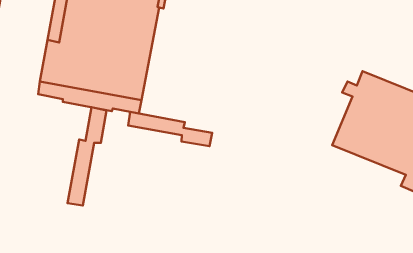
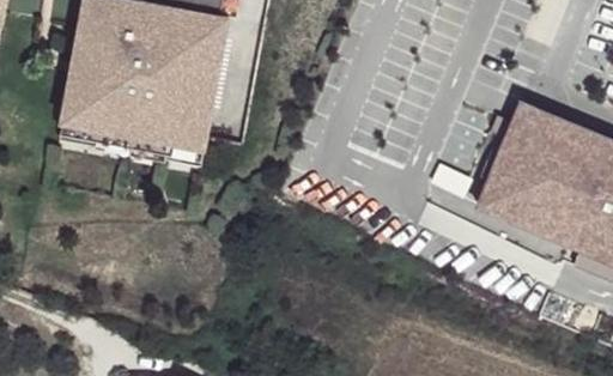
building: [67,107,106,205] -> none
building: [128,112,212,146] -> none

